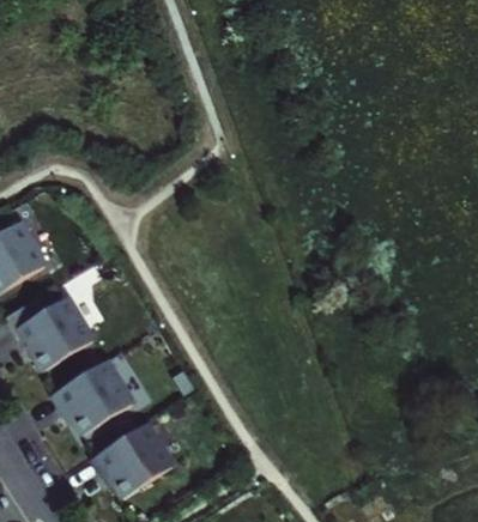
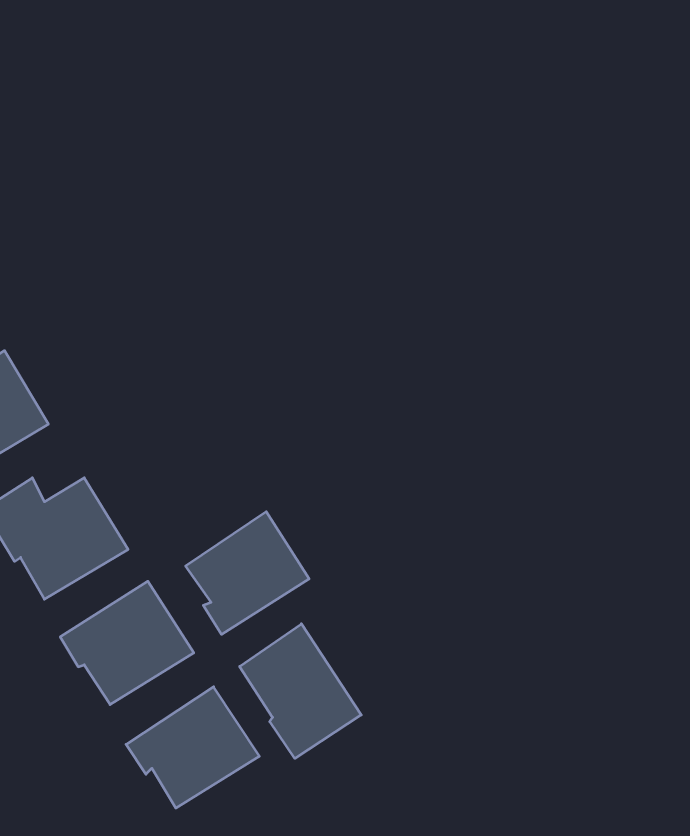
building: none -> [186,512,309,634]
building: none -> [240,624,361,758]

